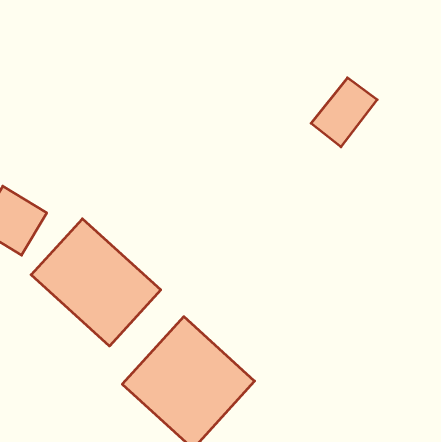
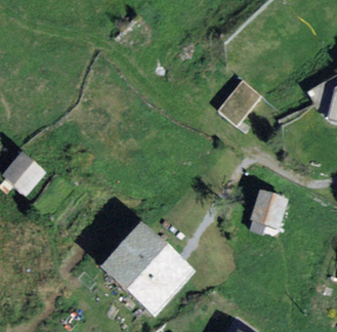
building: [31,219,161,346] -> none
building: none -> [249,188,287,226]

